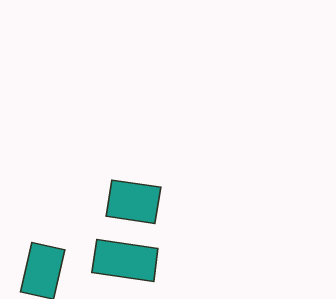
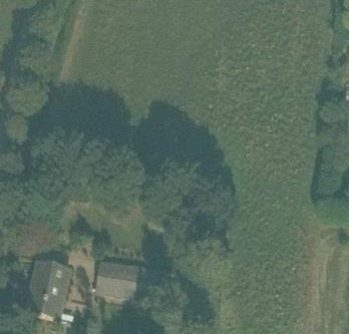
building: [106,180,161,223] -> none

